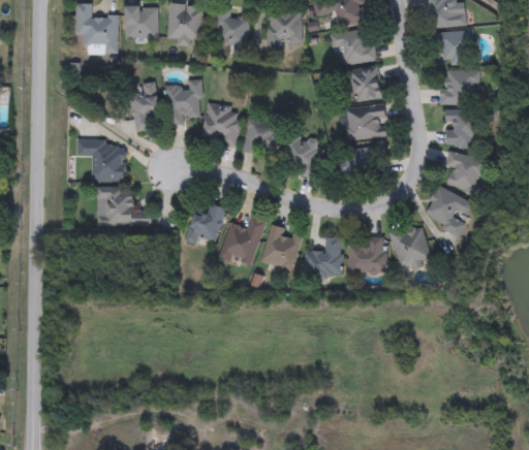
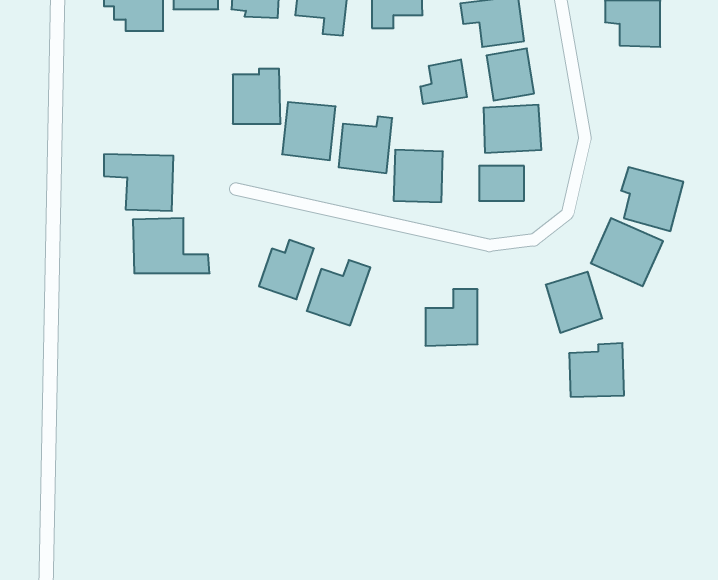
building: [442,69,478,103] -> none
building: none -> [420,59,467,104]
building: [130,82,160,131] -> none
building: [445,109,481,147] -> none
building: [260,226,302,271] -> none
building: [347,236,386,275] -> [569,343,624,397]

